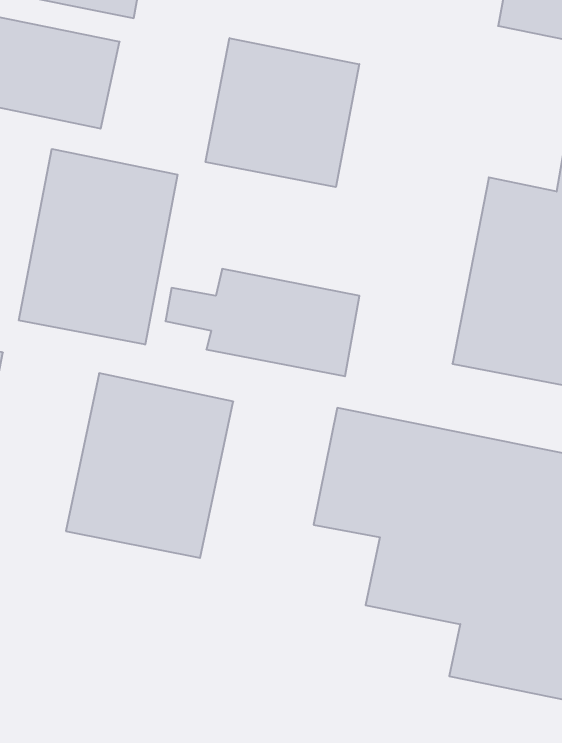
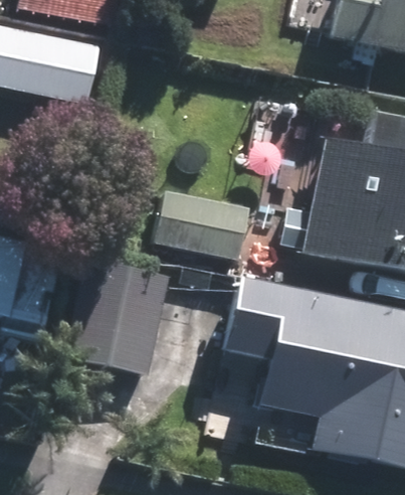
building: [206,38,359,187] -> none
building: [19,149,178,345] -> none

